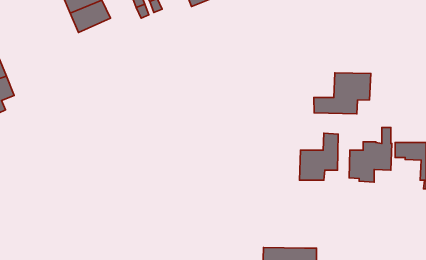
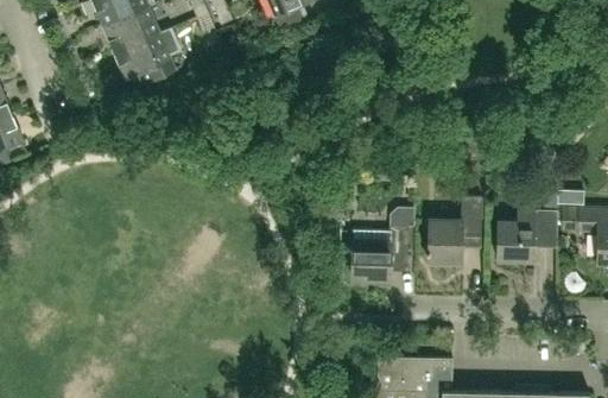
building: none -> [114,27,180,83]
building: [314,73,371,114] -> none
building: none -> [348,207,414,279]

